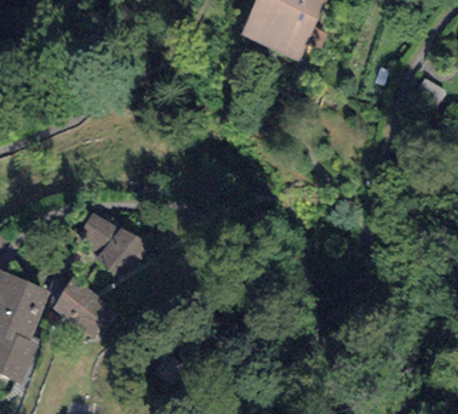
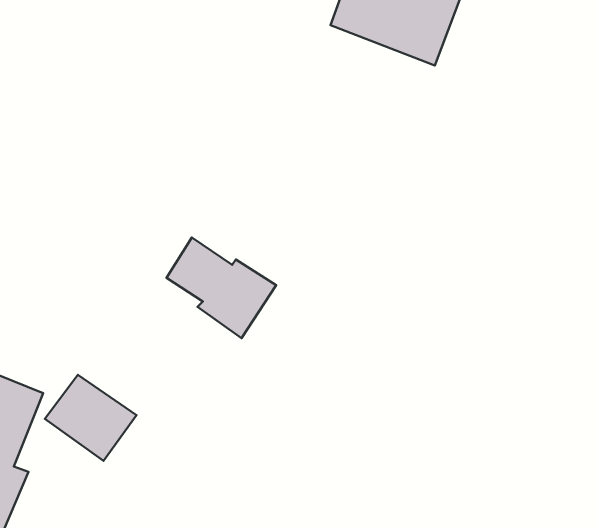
building: [75,212,148,279] -> [166,237,276,338]

